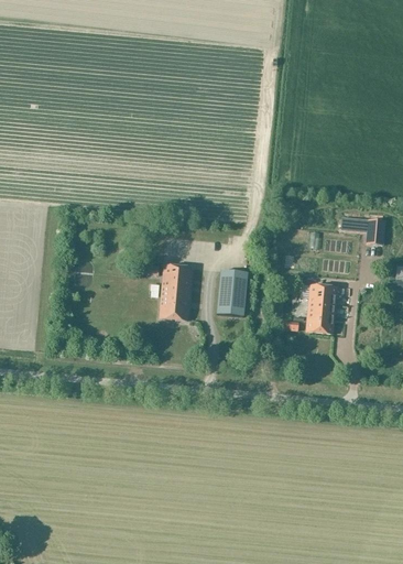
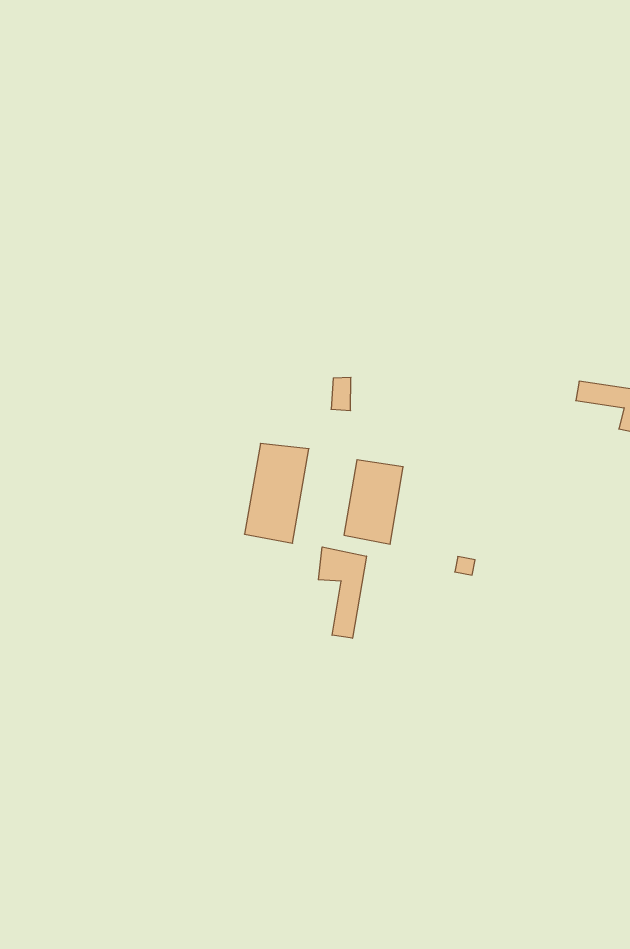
building: [306,283,337,334] -> none
building: none -> [318,547,366,638]

